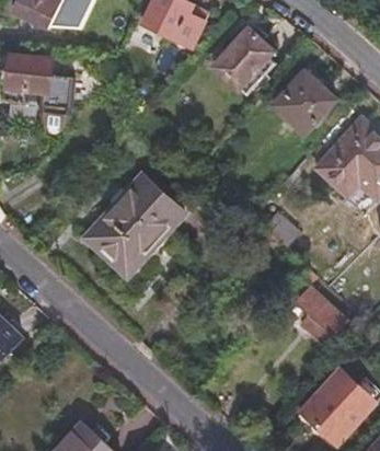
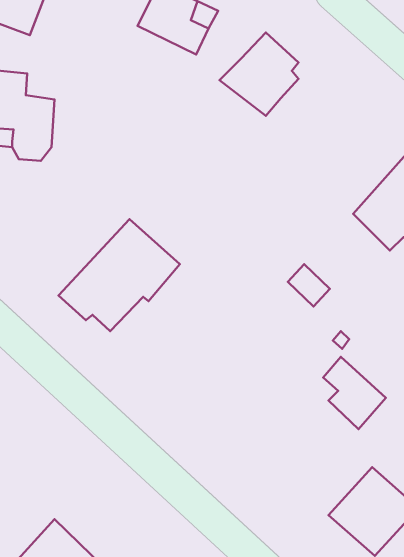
building: [274,70,337,135] -> none

